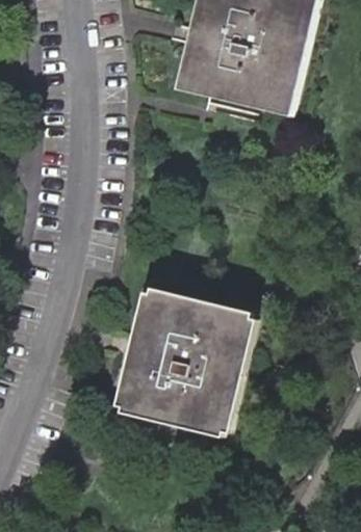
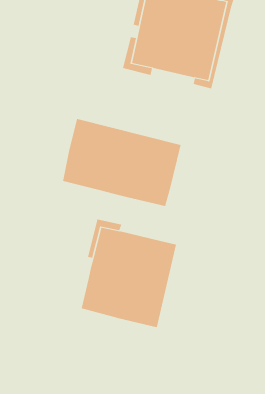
building: none -> [62,118,181,207]
building: [110,308,255,437] -> none

